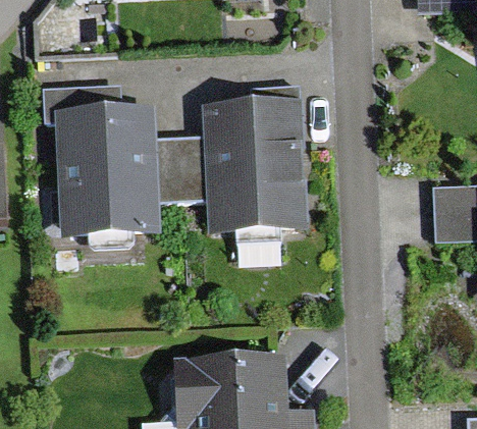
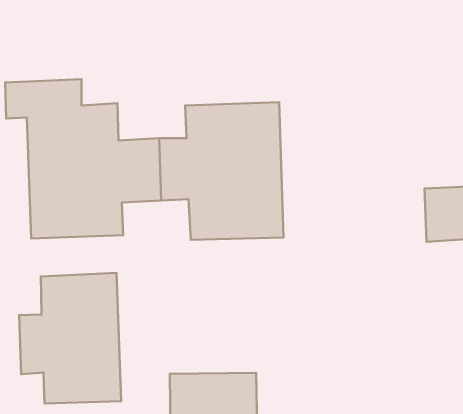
building: none -> [19,273,121,404]

